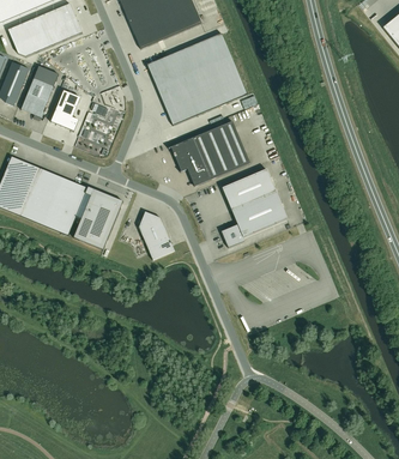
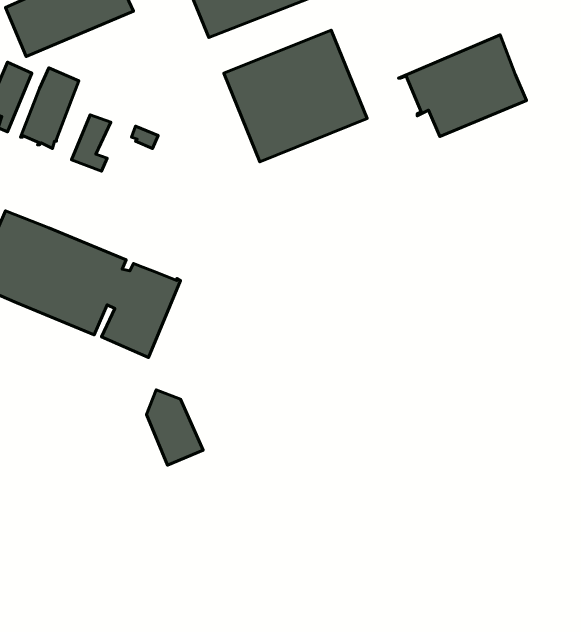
building: [167,120,248,185] -> [398,35,527,136]
building: [220,168,286,247] -> none
building: [138,211,174,259] -> [147,390,203,465]

